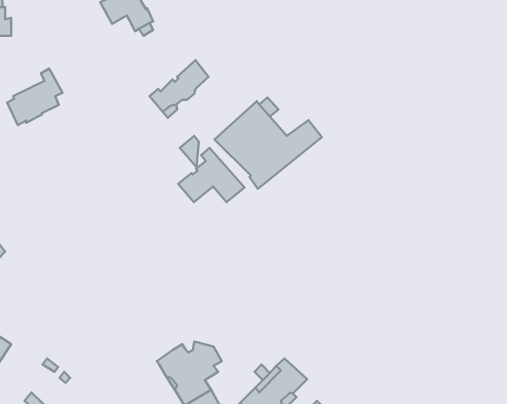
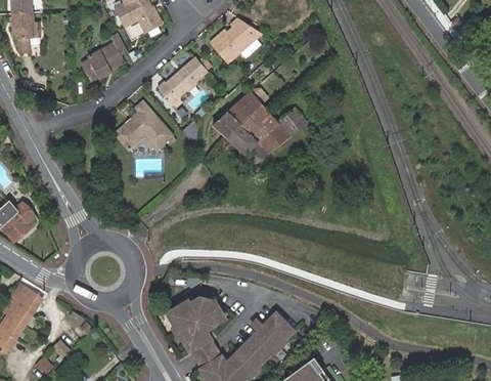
building: none -> [210,17,263,64]
building: [7,69,62,125] -> [83,33,130,81]
building: [178,148,244,202] -> [117,102,173,149]

